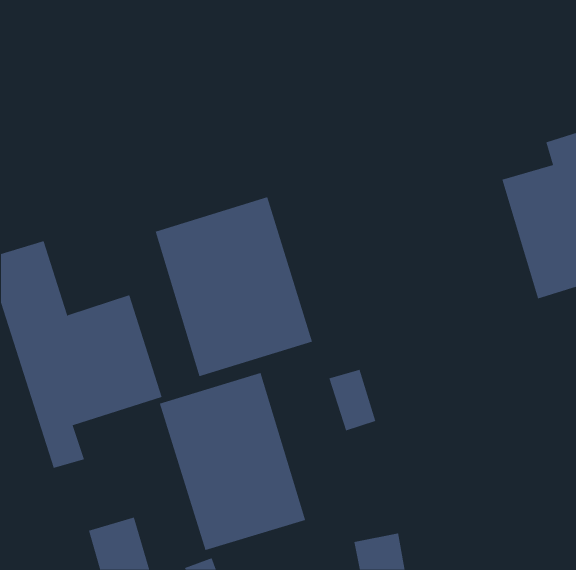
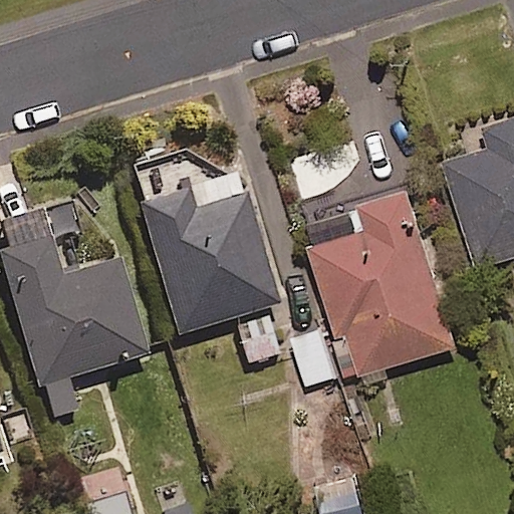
building: none -> [310,190,458,375]
building: [159,372,306,551] -> none

